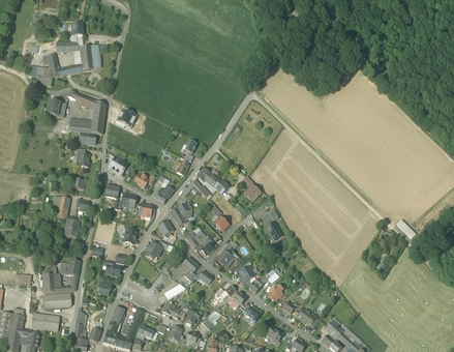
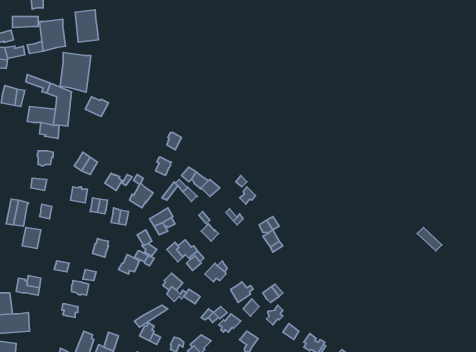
building: none -> [75,10,98,42]
building: none -> [60,53,91,92]

